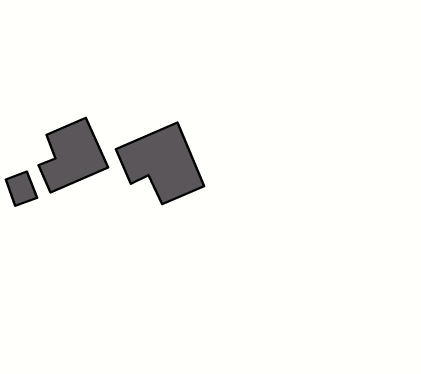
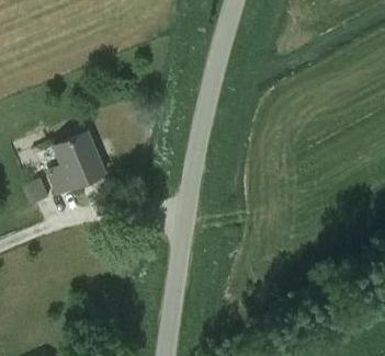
building: [116,123,204,204] -> none

